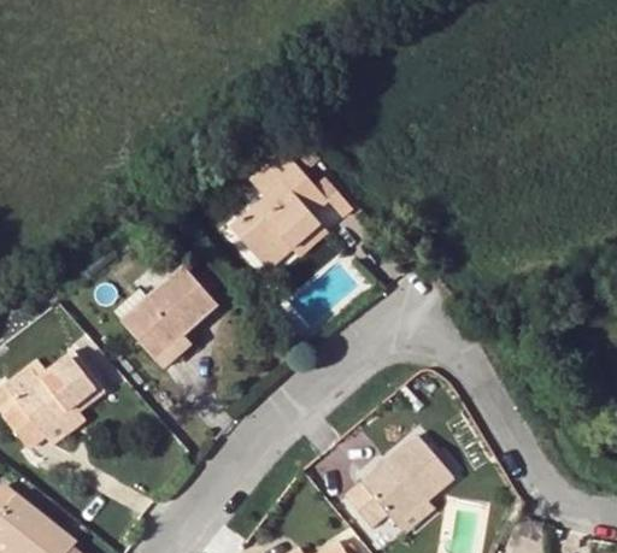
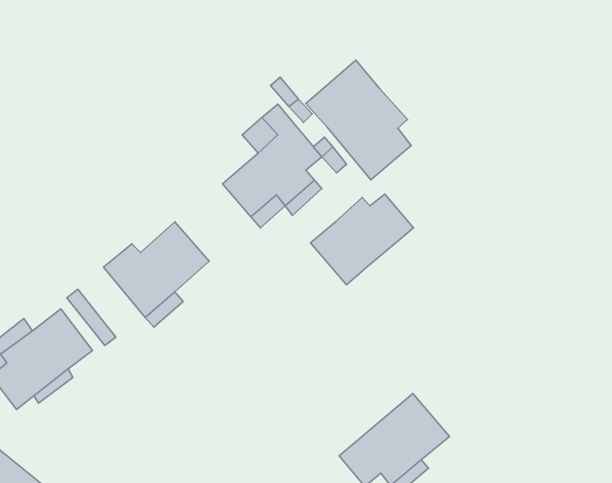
building: none -> [306,60,411,180]
building: none -> [311,194,414,285]

